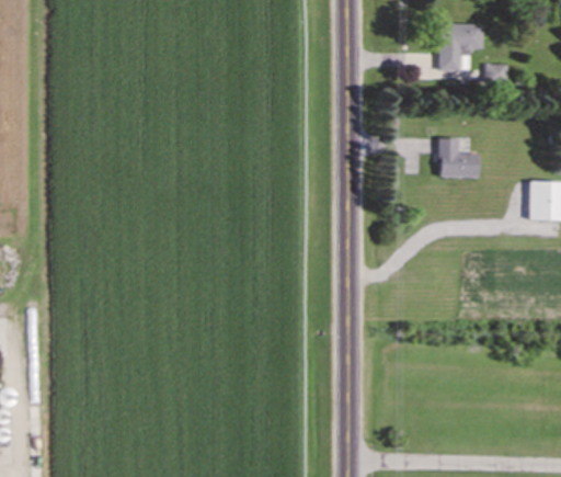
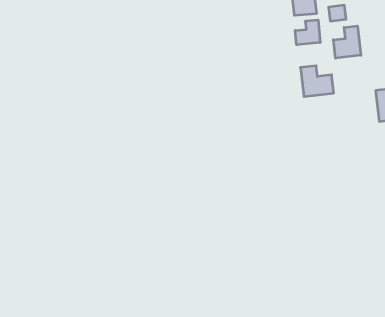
building: none -> [295,20,320,45]
building: none -> [333,26,361,58]

